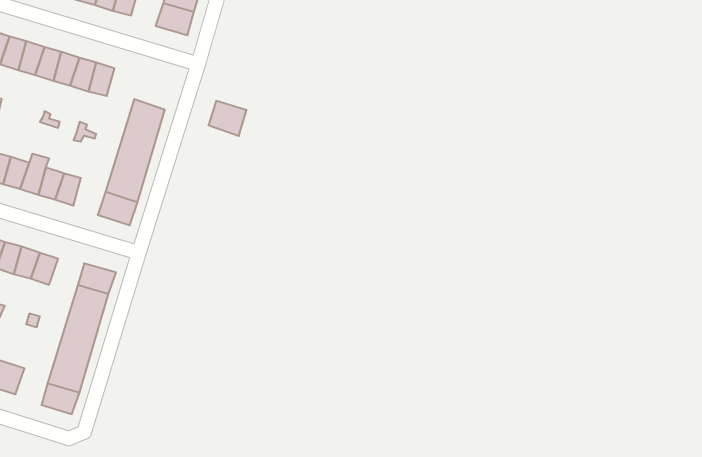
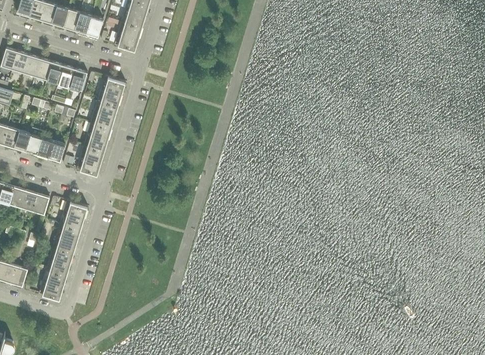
building: [208,101,247,136] -> [99,76,124,99]

